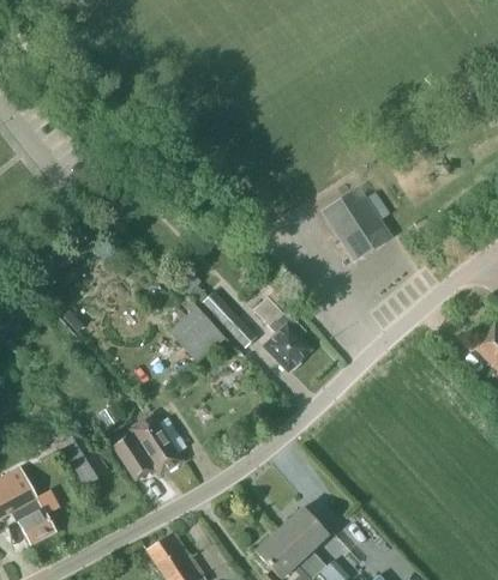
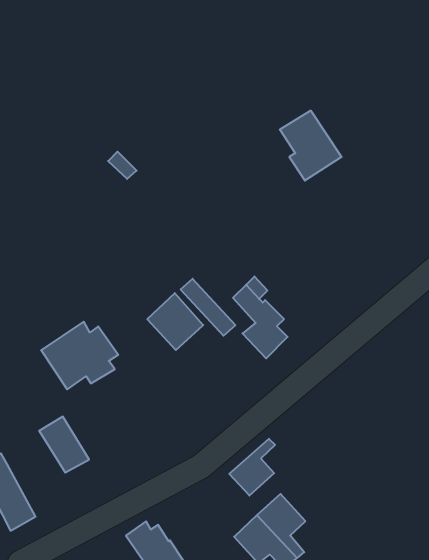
building: [329,191,391,261] -> [280,111,342,181]
building: [109,413,187,482] -> [41,322,118,389]
building: none -> [229,439,275,496]

